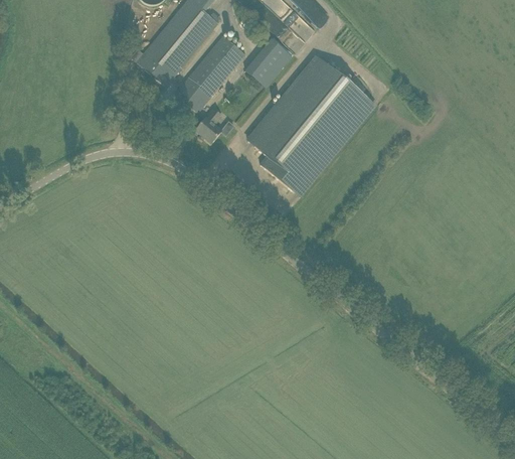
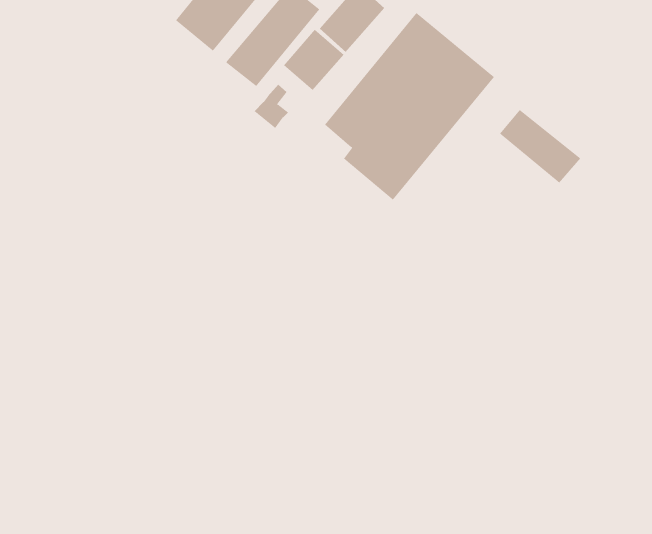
building: none -> [283,29,344,91]
building: none -> [499,109,581,183]

